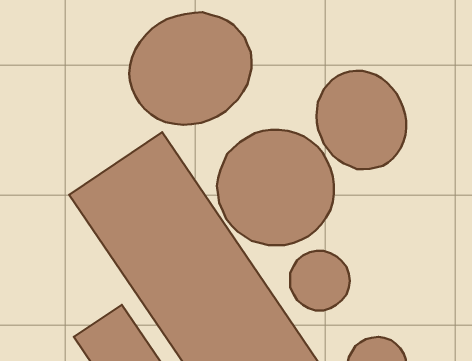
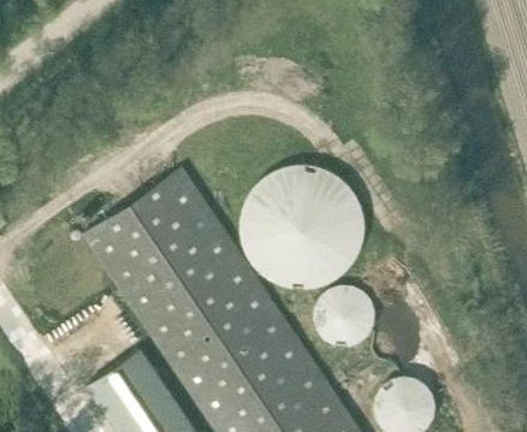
building: [129,12,252,125] -> none
building: [316,71,406,169] -> none

